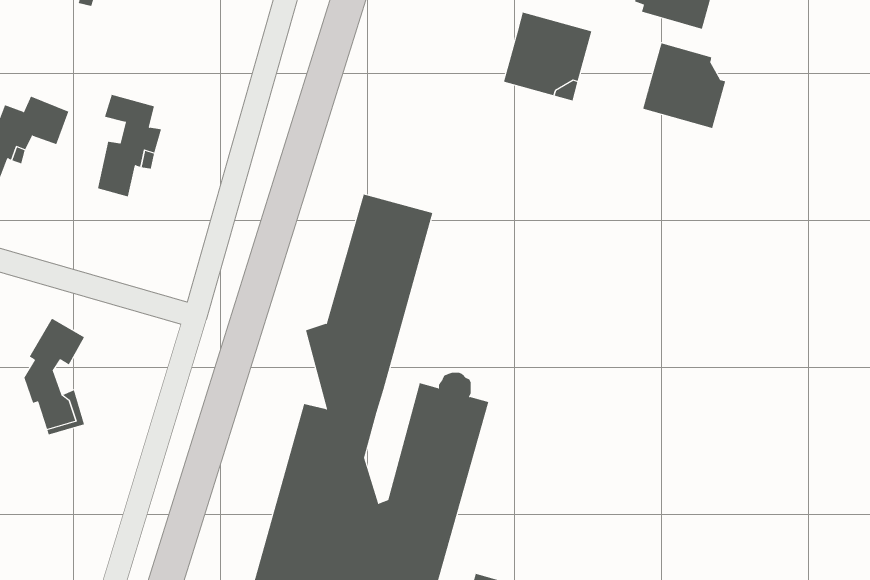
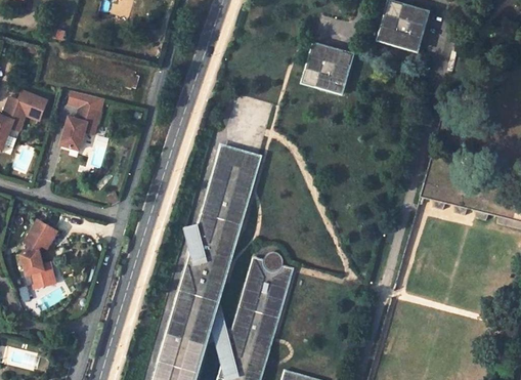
building: [642,43,726,129] -> none

